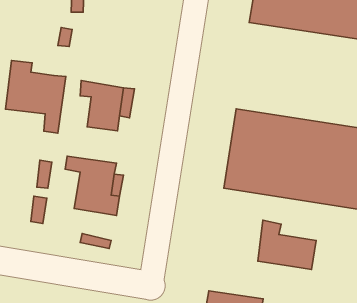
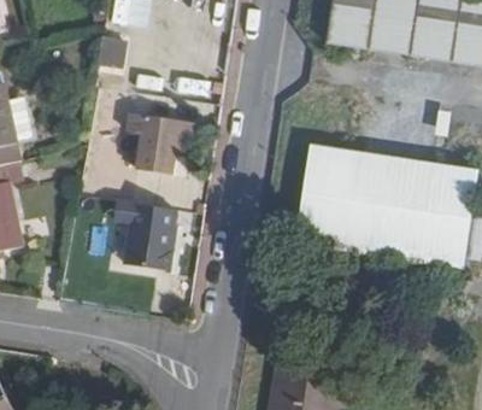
building: [6,60,66,133] -> none
building: [258,220,316,269] -> none

